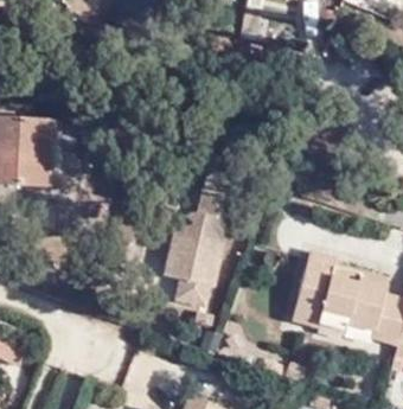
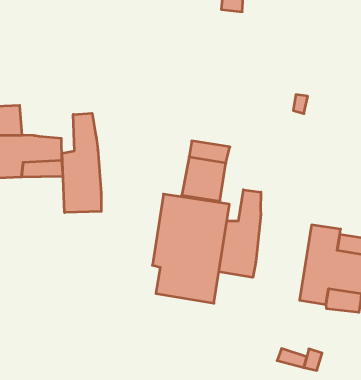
building: none -> [62,113,101,213]
building: none -> [219,190,261,277]

